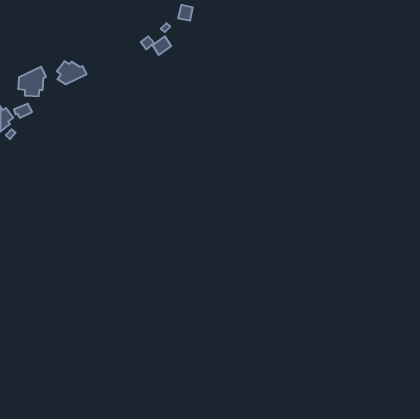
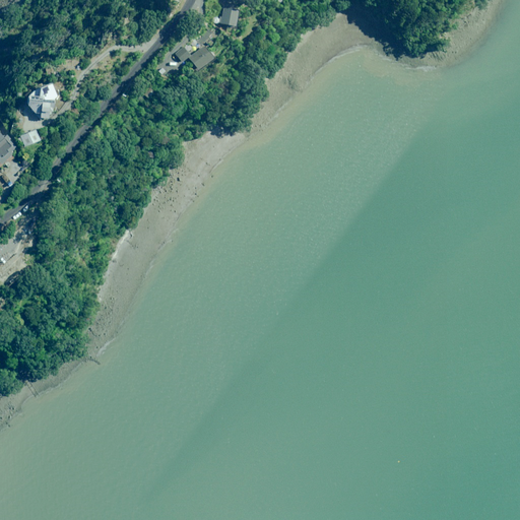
building: [57,61,86,84] -> none

